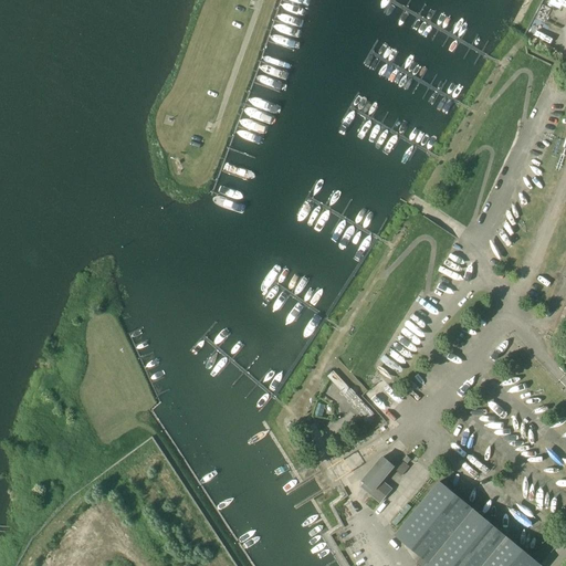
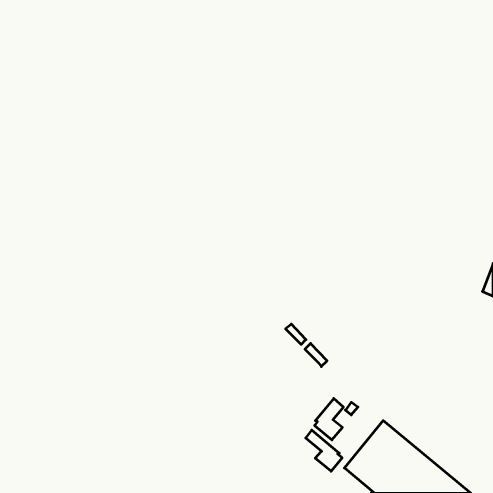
building: none -> [306,430,342,471]

